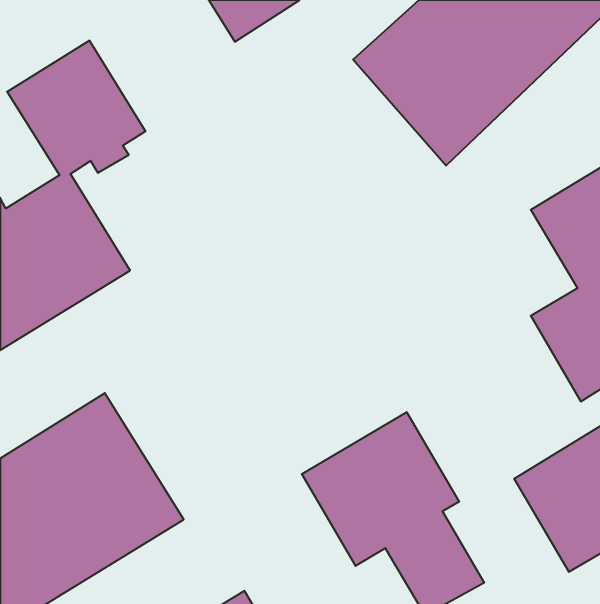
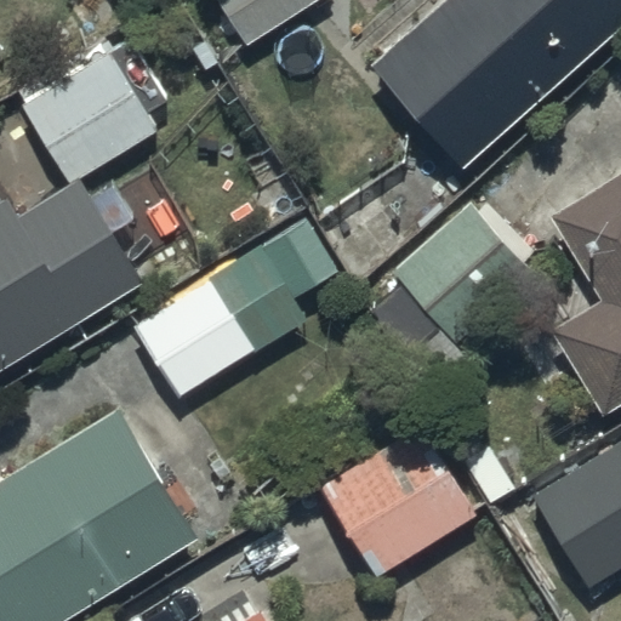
building: none -> [360,204,537,349]
building: none -> [131,226,343,401]

